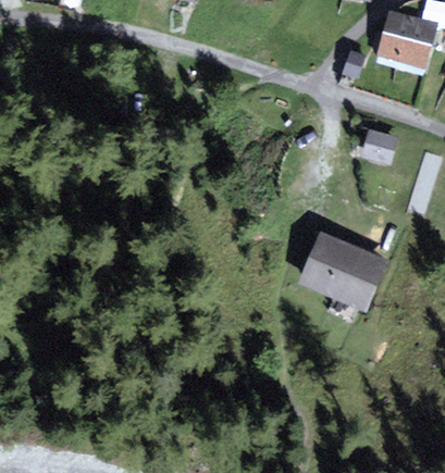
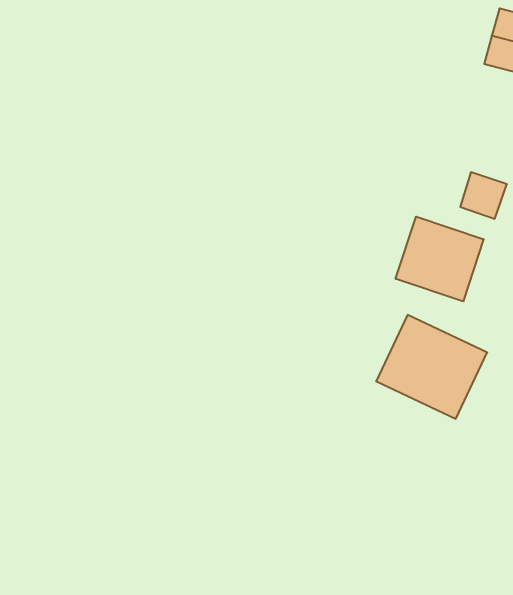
building: none -> [396,217,484,301]

